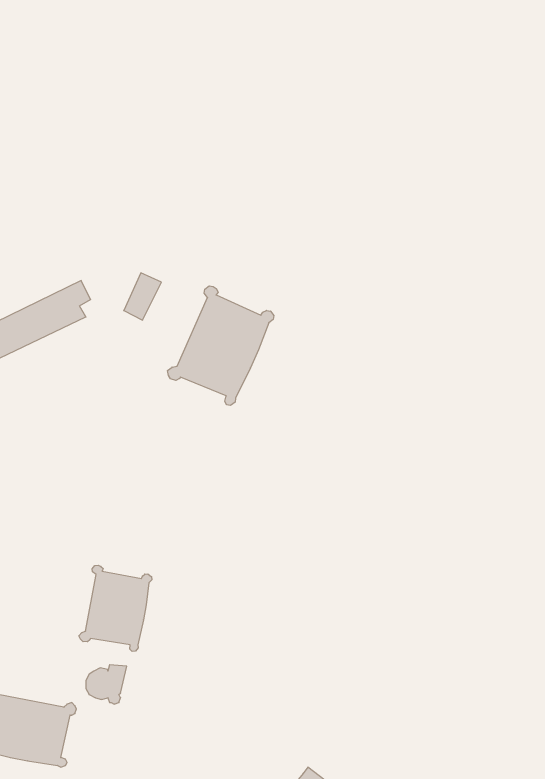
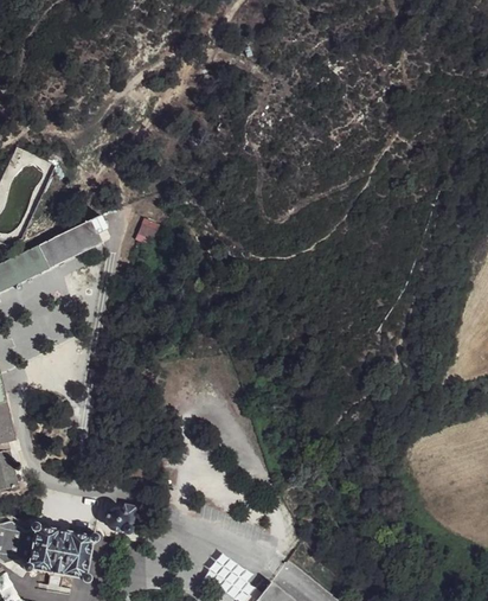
building: [168,286,274,405] -> none
building: [79,565,152,651] -> none

